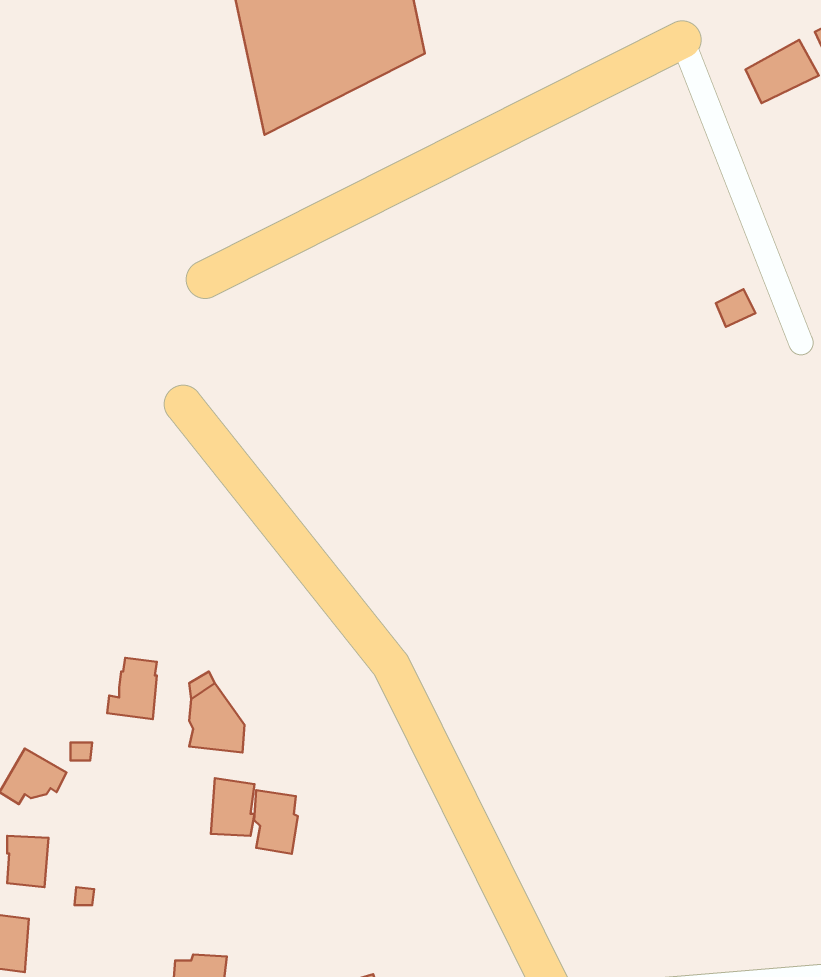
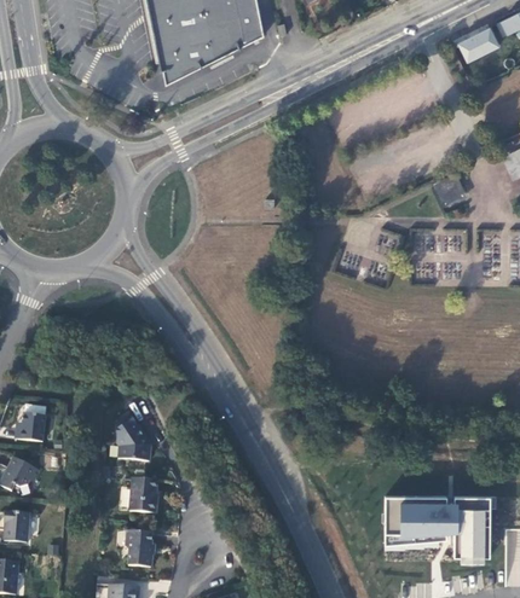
building: [107,658,157,719] -> [17,405,47,442]
building: [254,790,298,854] -> [127,528,154,567]
building: none -> [385,495,490,558]

